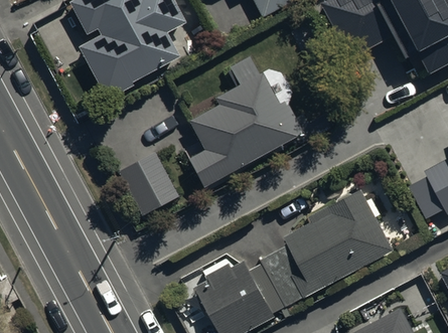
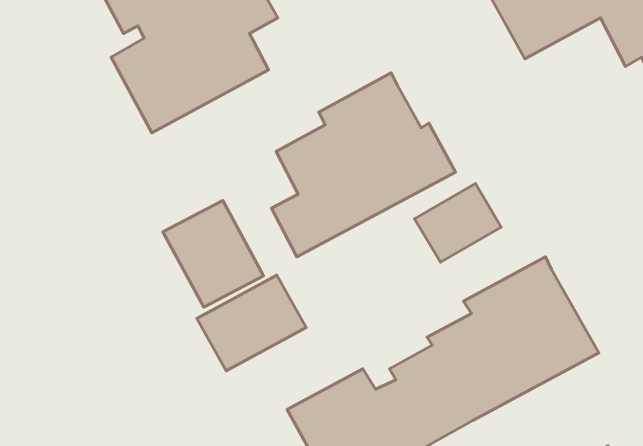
building: none -> [415,184,501,262]
building: none -> [197,275,306,371]

